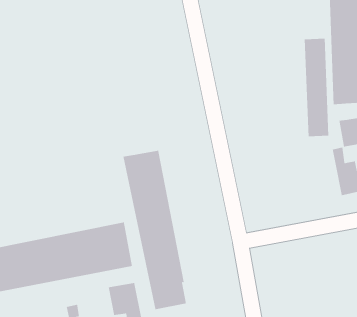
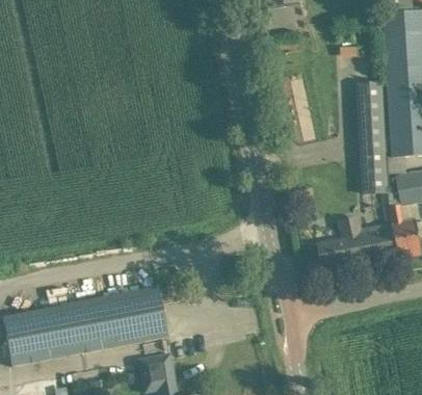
building: [122,150,187,310] -> none
building: none -> [317,216,399,269]

